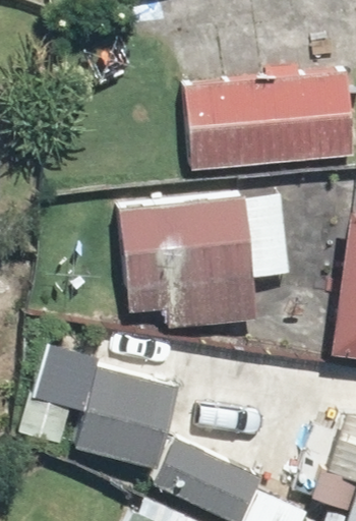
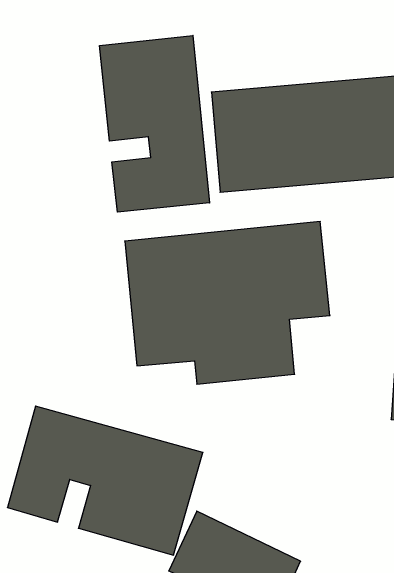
building: none -> [100,35,210,212]

